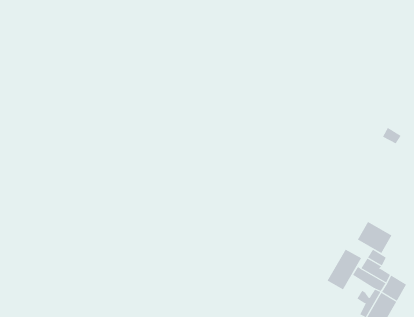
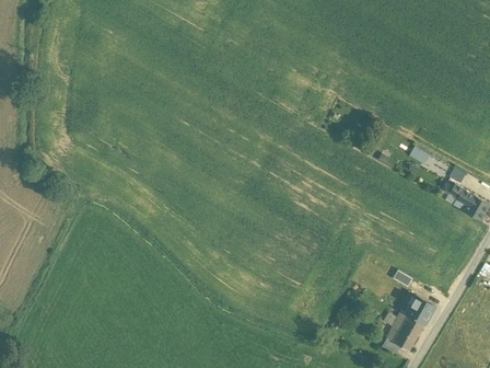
building: [357,221,392,254] -> none
building: [327,249,362,290] -> none

